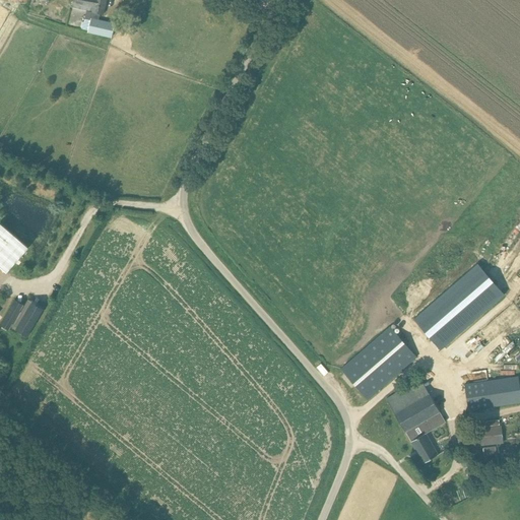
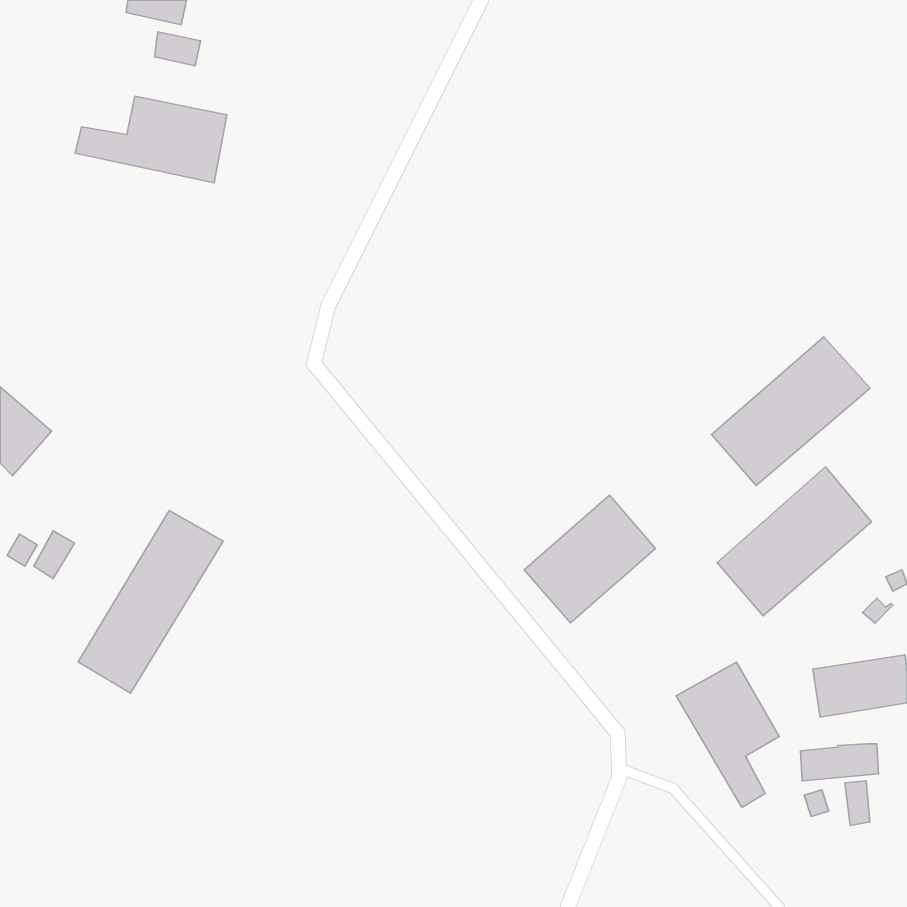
building: none -> [75,96,227,183]
building: none -> [712,337,870,486]
building: none -> [78,511,223,693]
building: [341,326,416,399] -> [524,495,656,623]

